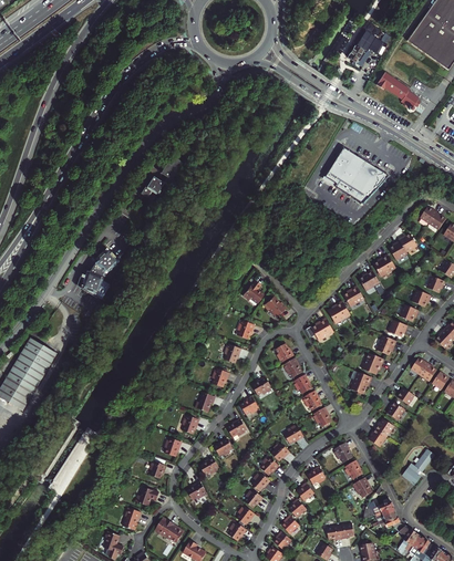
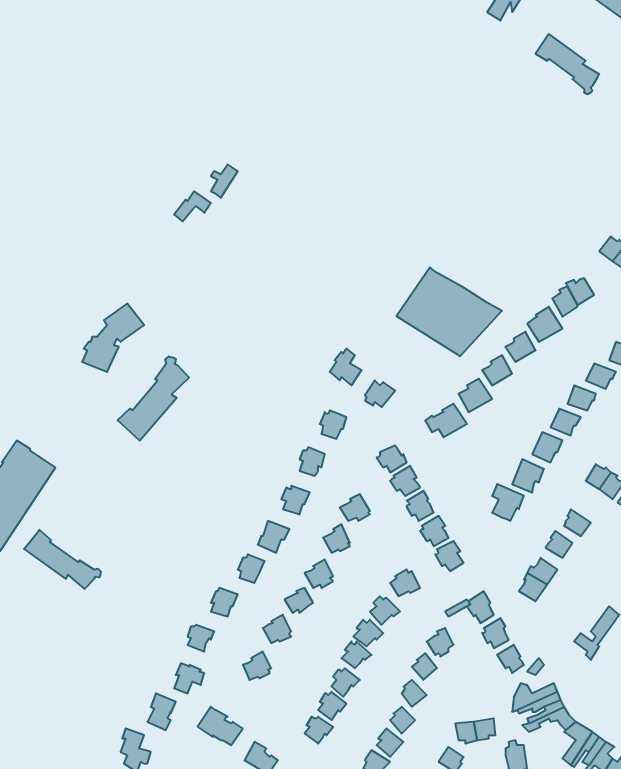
building: [320,148,390,207] -> [396,267,502,356]
building: none -> [118,356,189,441]
building: none -> [24,530,101,589]

